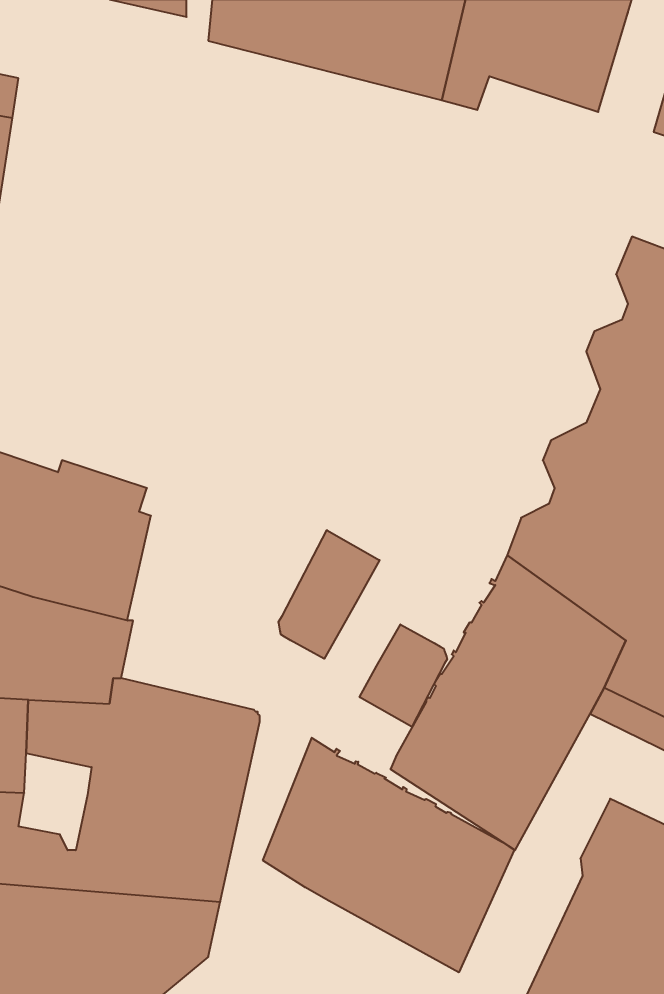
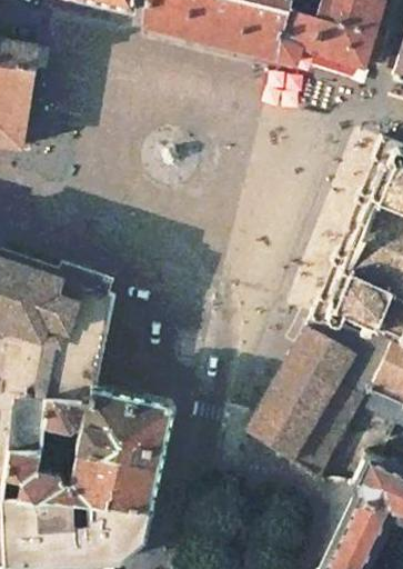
building: [279,530,380,659] -> none
building: [360,624,447,727] -> none
building: [263,738,514,972] -> none

